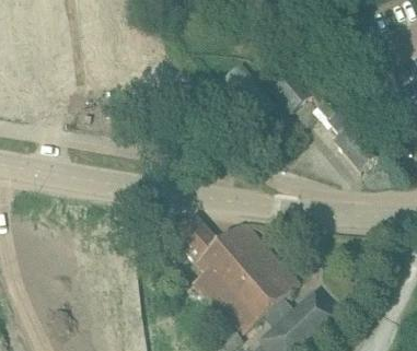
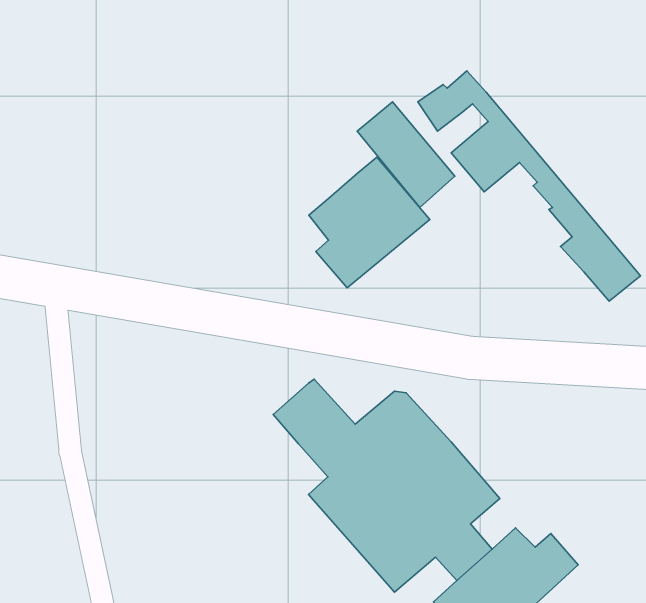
building: none -> [309,157,430,288]

